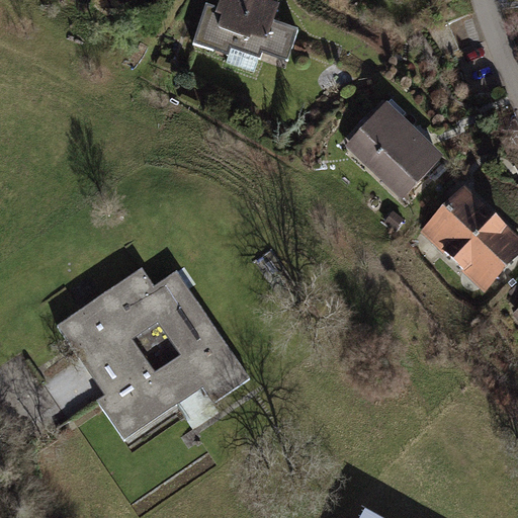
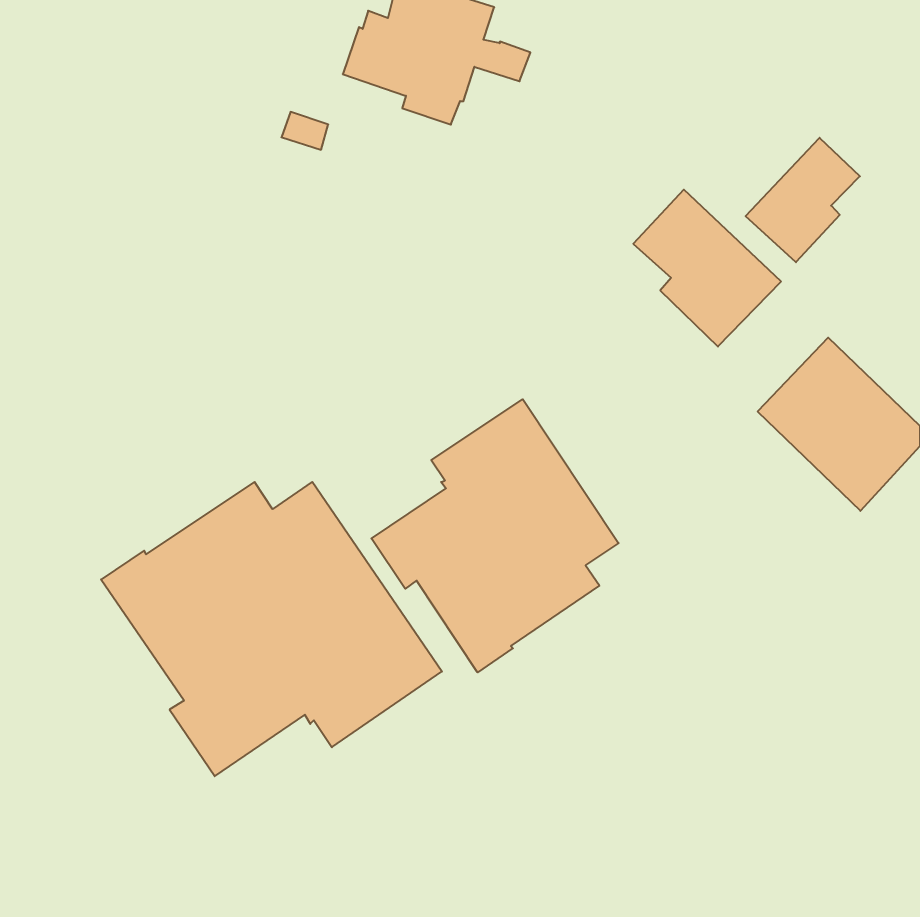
building: none -> [746,138,860,262]
building: none -> [371,399,619,672]

